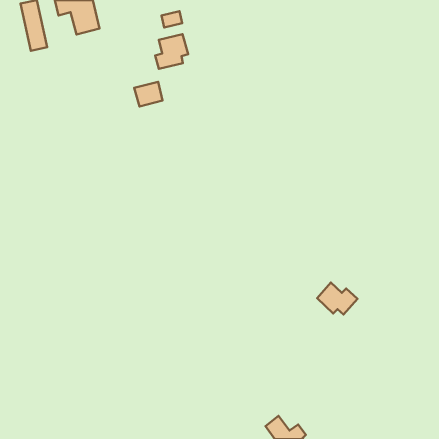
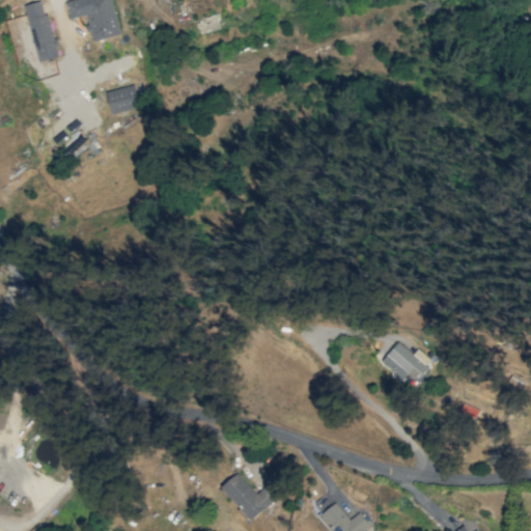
building: [155,34,188,69] -> none
building: [134,82,163,107] -> [106,84,140,114]
building: none -> [222,473,279,521]

